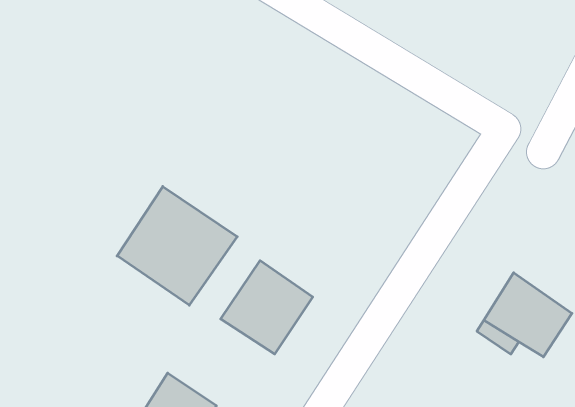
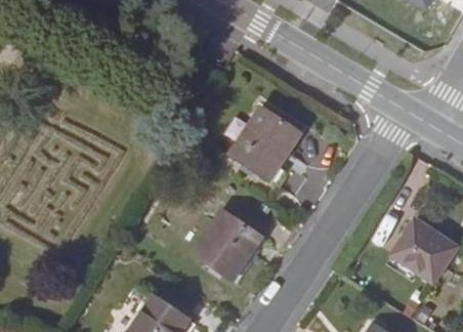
building: none -> [229,107,301,181]
building: [117,186,237,305] -> none

